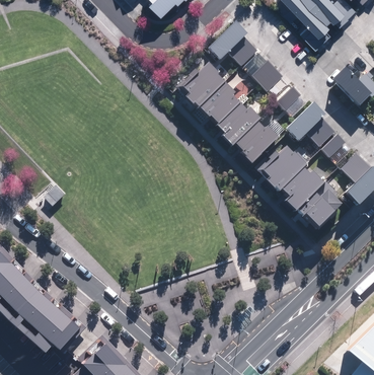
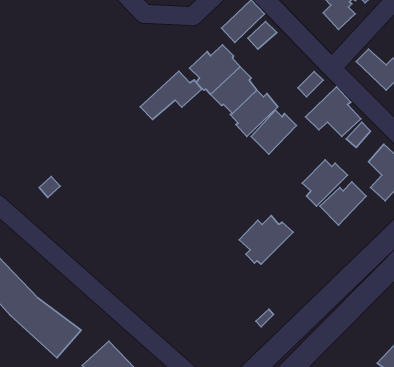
building: [251,62,283,92] -> none
building: none -> [140,71,202,120]
building: [257,147,307,192] -> [239,216,293,264]

